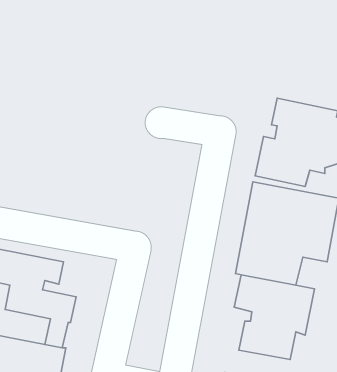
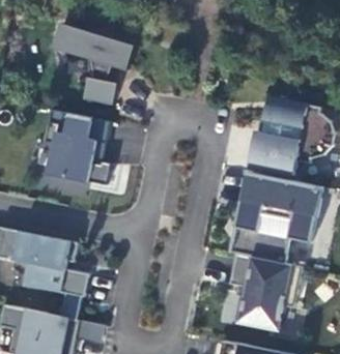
building: none -> [52,23,133,106]
building: none -> [42,111,111,186]

